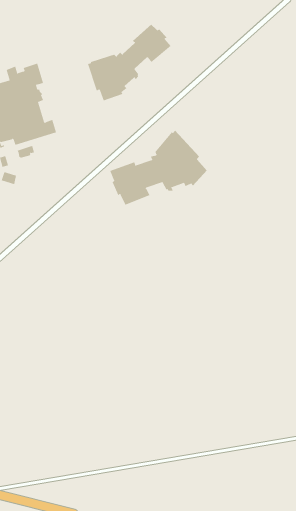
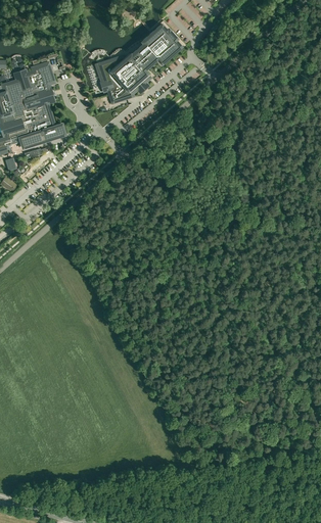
building: [110,130,207,205] -> none

